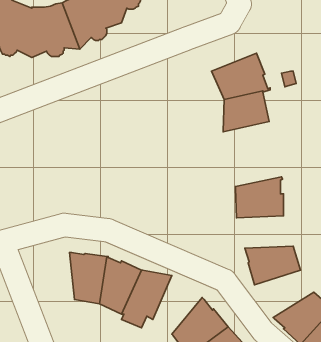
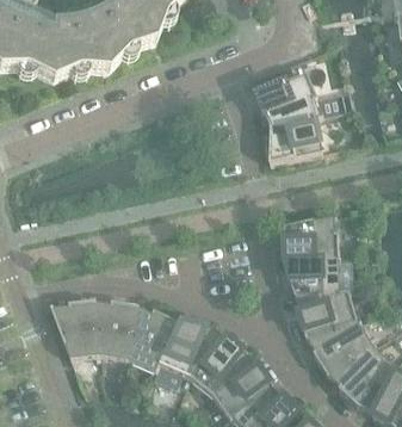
building: none -> [284,258,348,295]
building: none -> [49,299,99,357]
building: none -> [304,320,372,373]
building: none -> [188,326,245,392]

